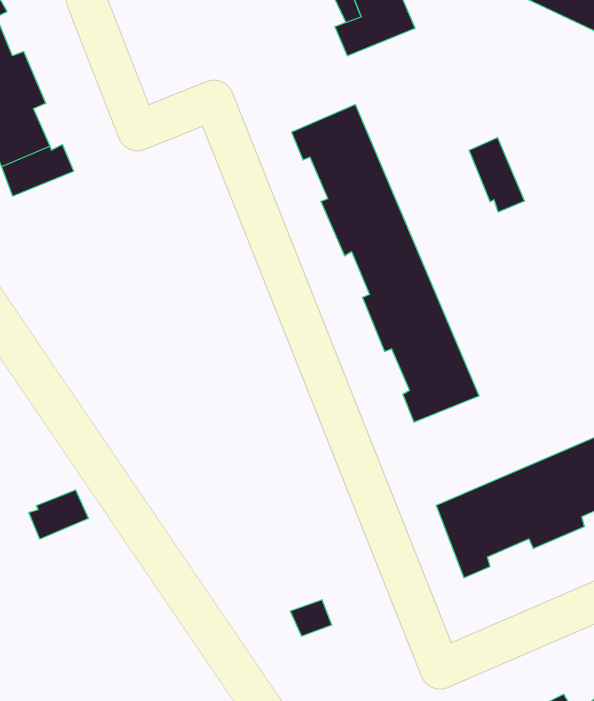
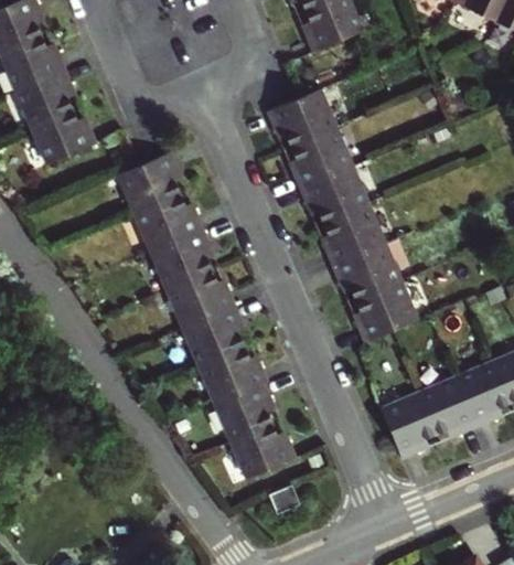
building: [469,137,525,212] -> none
building: none -> [118,151,296,476]
building: [29,490,88,539] -> none

